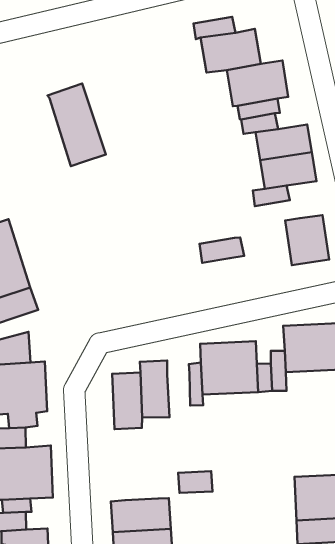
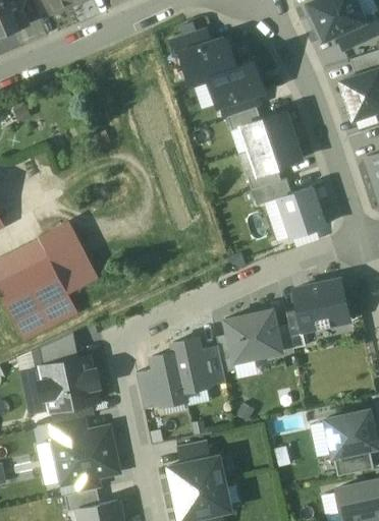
building: [48,84,106,166] -> [38,220,97,293]
building: [199,238,244,263] -> [252,179,292,207]
building: none -> [200,345,226,386]
building: none -> [137,369,162,407]
building: [178,471,213,493] -> [177,441,210,464]

